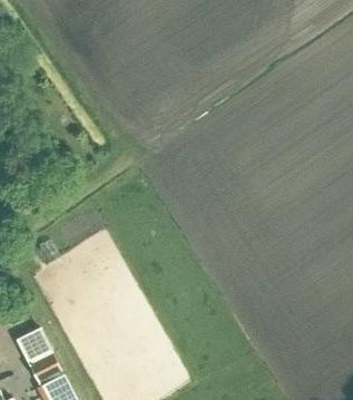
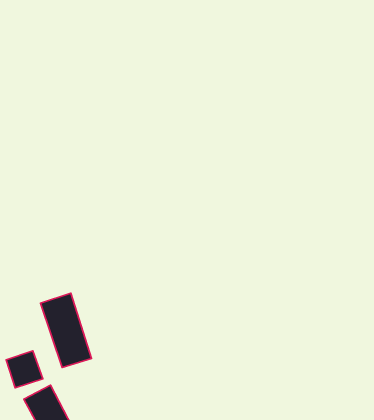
building: none -> [40,293,92,368]

